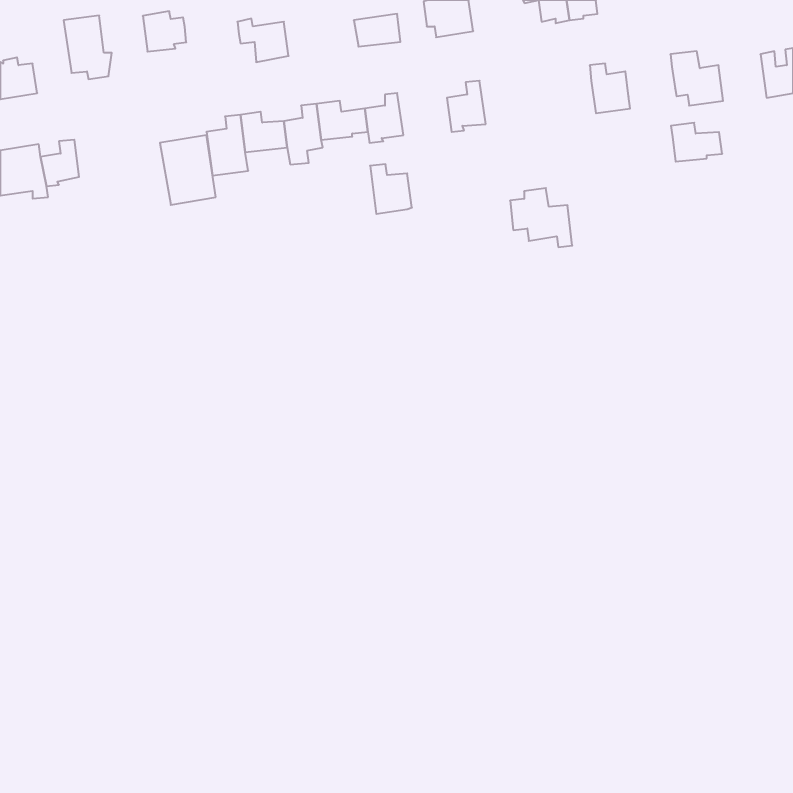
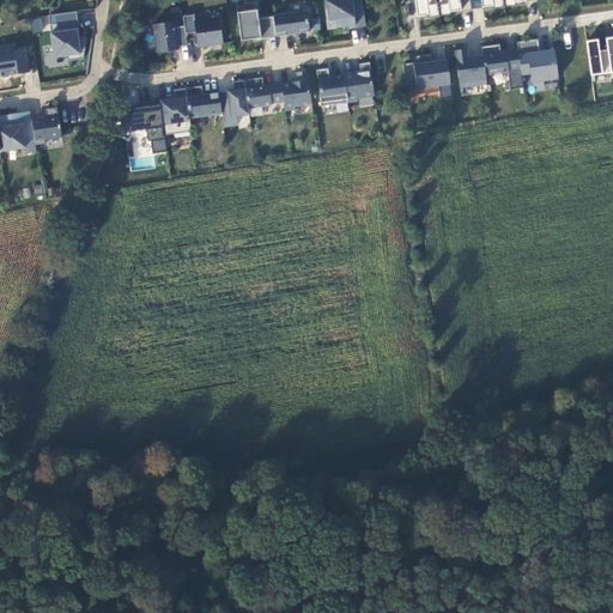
building: [143,11,186,52] -> [153,22,187,53]
building: none -> [237,10,277,41]
building: [671,123,722,162] -> [481,44,521,74]
building: [370,164,412,214] -> [316,68,348,107]
building: [510,188,572,247] -> [403,54,451,99]

